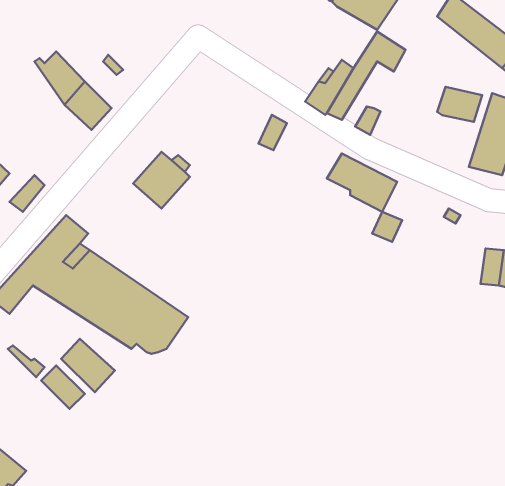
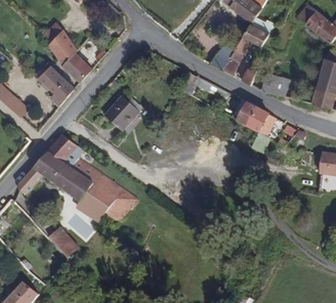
building: [437,87,482,122] -> [260,75,288,96]
building: none -> [36,64,74,105]

